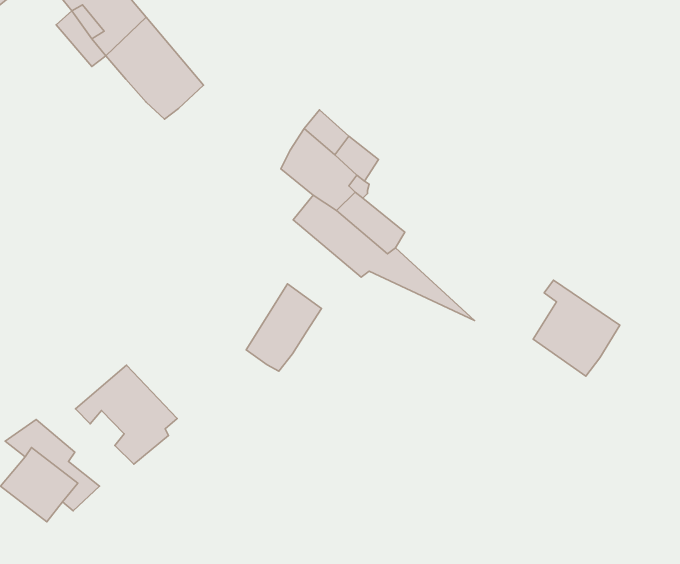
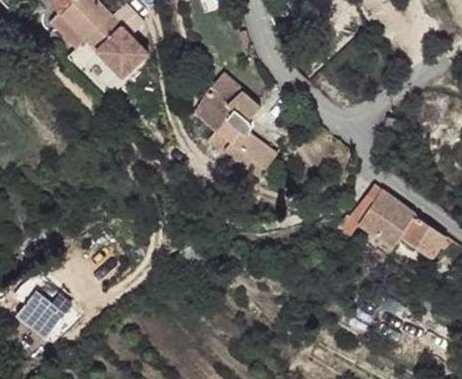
building: [246,284,322,371] -> none
building: none -> [402,213,446,256]
building: [75,365,177,464] -> none

